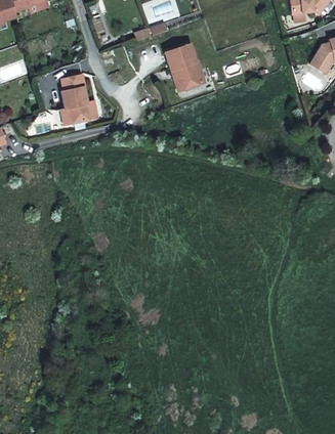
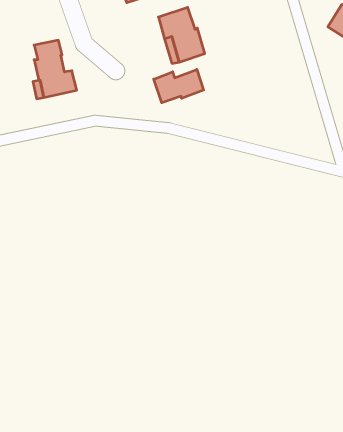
building: none -> [154,69,204,103]

